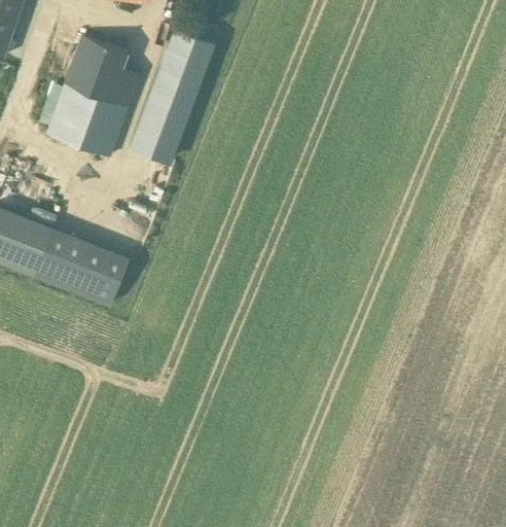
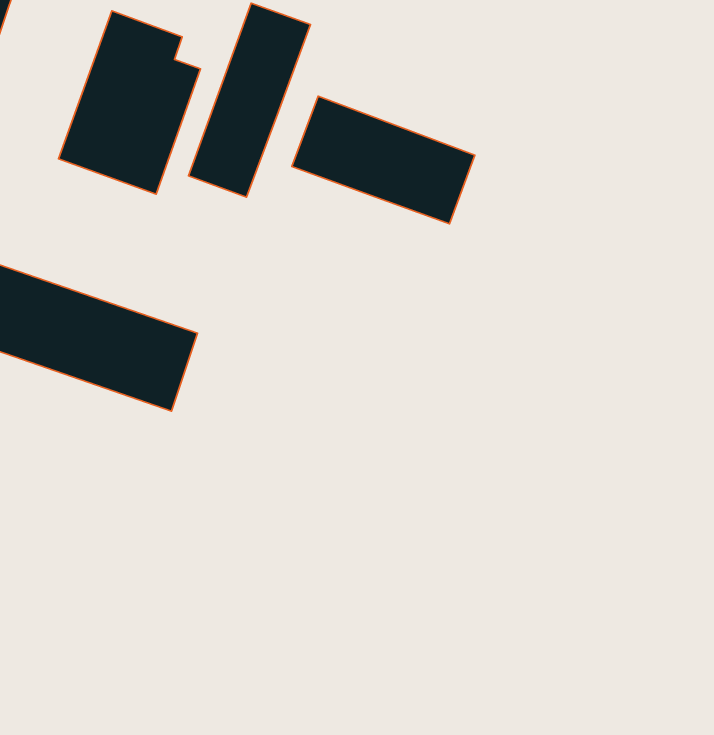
building: none -> [292,96,475,224]

